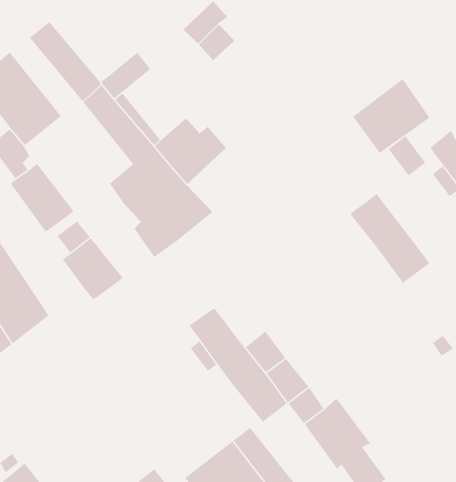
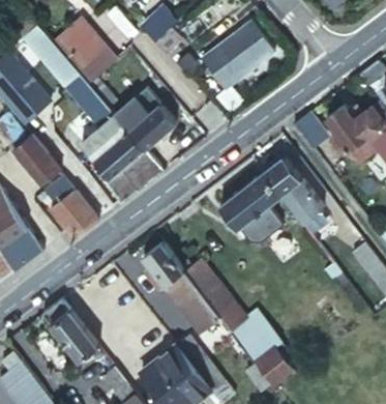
building: none -> [59,23,106,69]
building: [352,78,430,154] -> [214,24,273,81]
building: none -> [222,172,285,240]
building: none -> [43,295,102,359]

